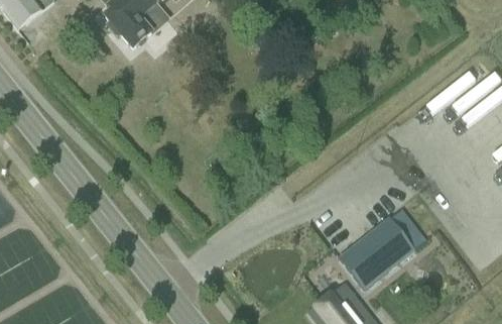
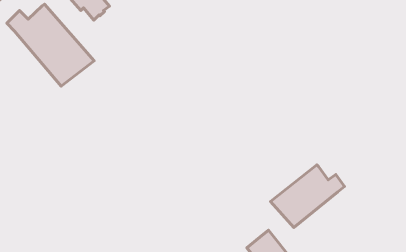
building: none -> [7,4,94,86]

